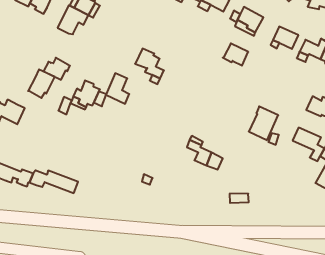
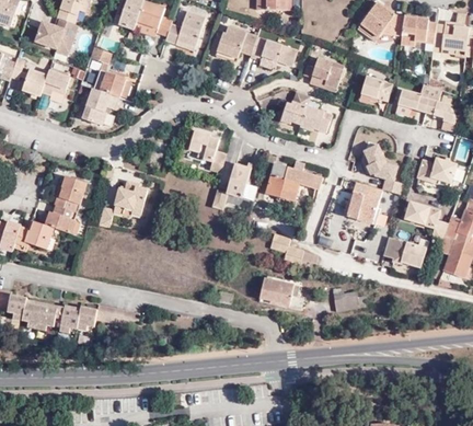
building: none -> [276,91,311,125]
building: [44,58,70,80] -> [45,205,78,232]
building: [94,73,129,106] -> [212,163,256,208]
building: none -> [365,145,404,194]
building: none -> [266,160,321,202]
building: none -> [383,237,427,268]
building: none -> [259,277,302,308]

